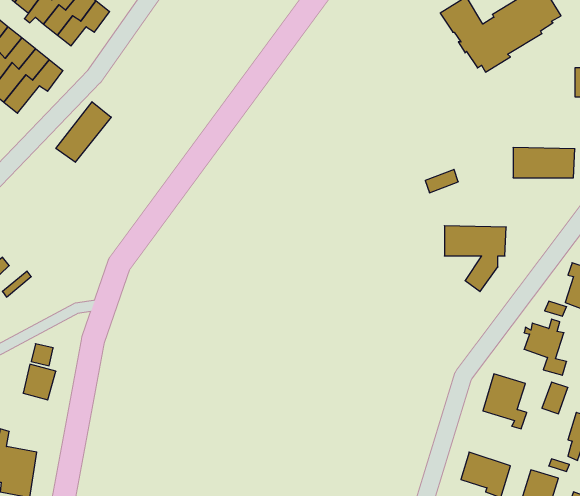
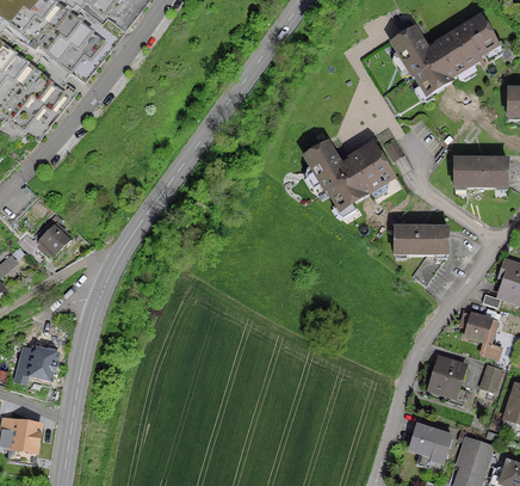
building: [56,102,111,162] -> none
building: none -> [305,142,394,208]
building: none -> [38,223,70,256]

